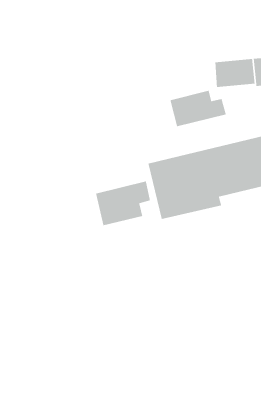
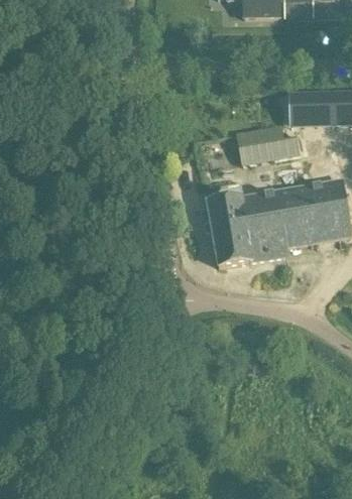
building: [95,181,151,226] -> none

